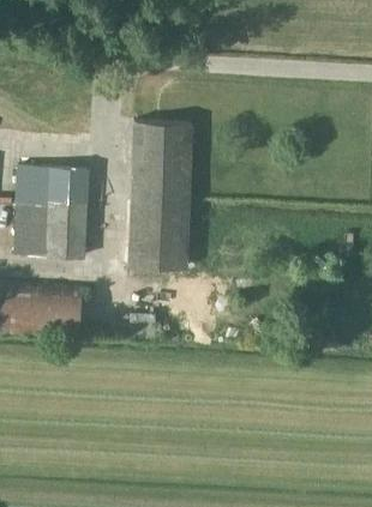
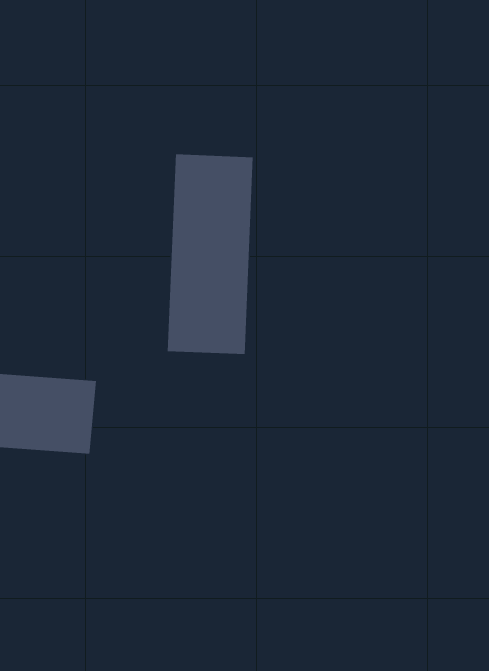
building: [16,163,89,254] -> none

